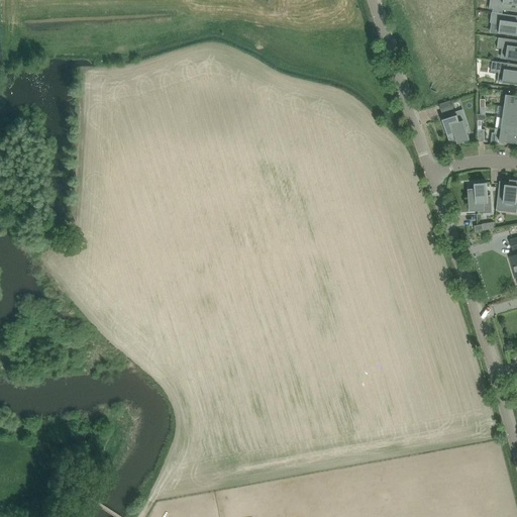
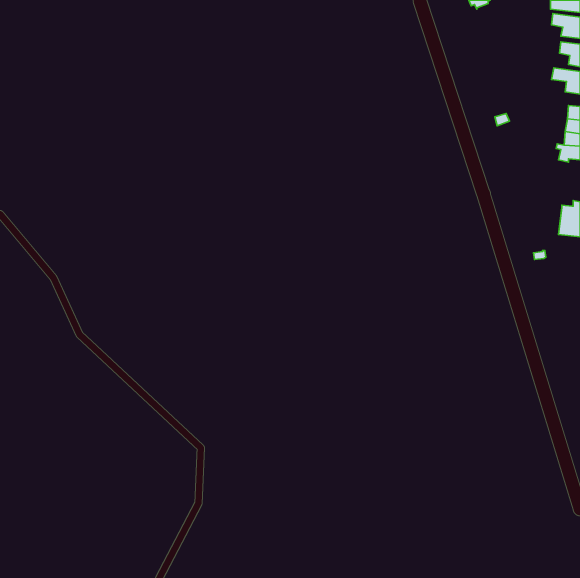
building: [443,115,470,144] -> none
building: [469,183,489,212] -> none

